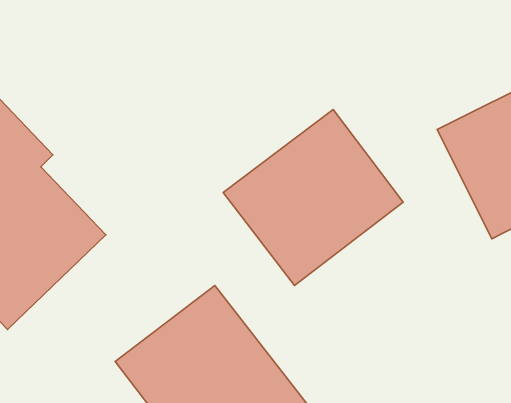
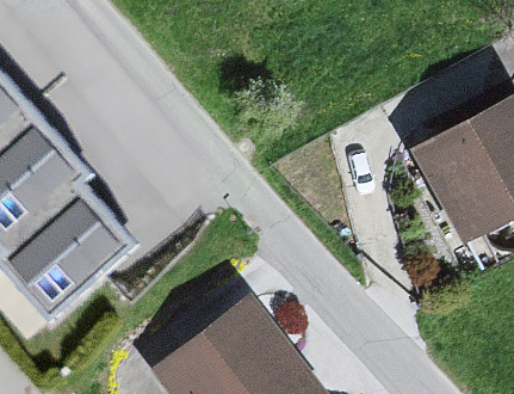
building: [223,110,403,285] -> none

